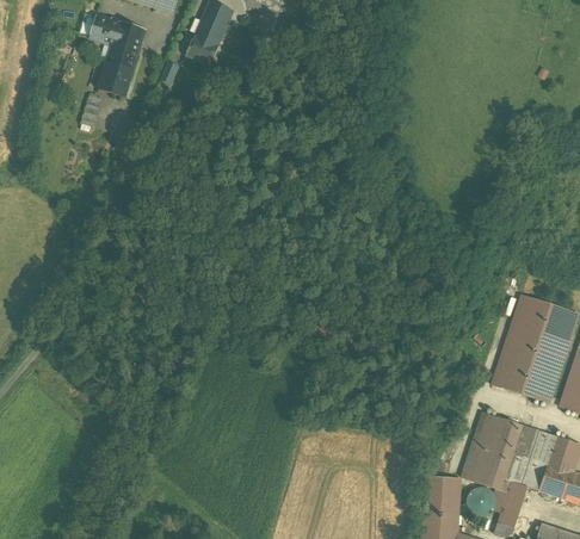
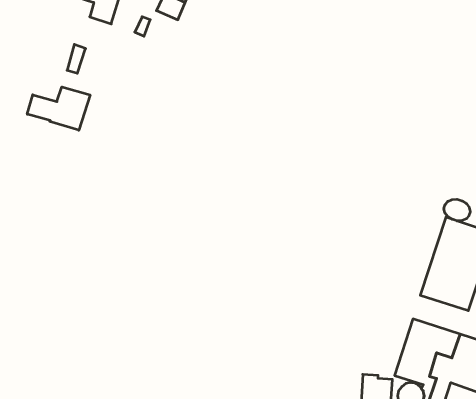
building: [99,61,134,97] -> none
building: none -> [27,87,90,130]
building: none -> [444,199,470,221]

